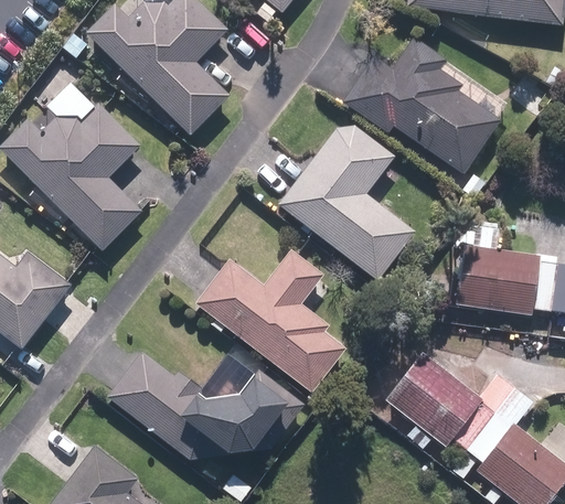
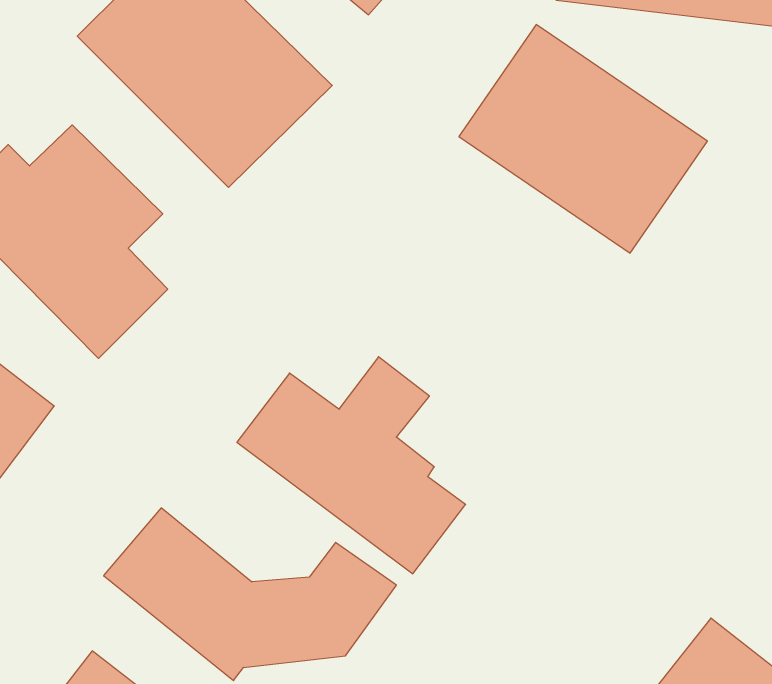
building: [277,118,416,281] -> none
building: [457,245,542,317] -> none
building: [385,353,482,448] -> none

